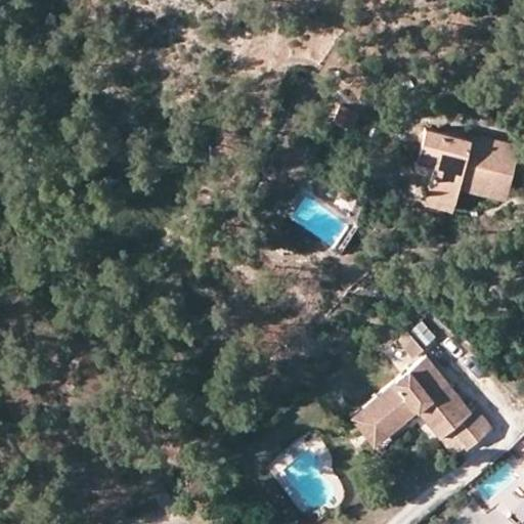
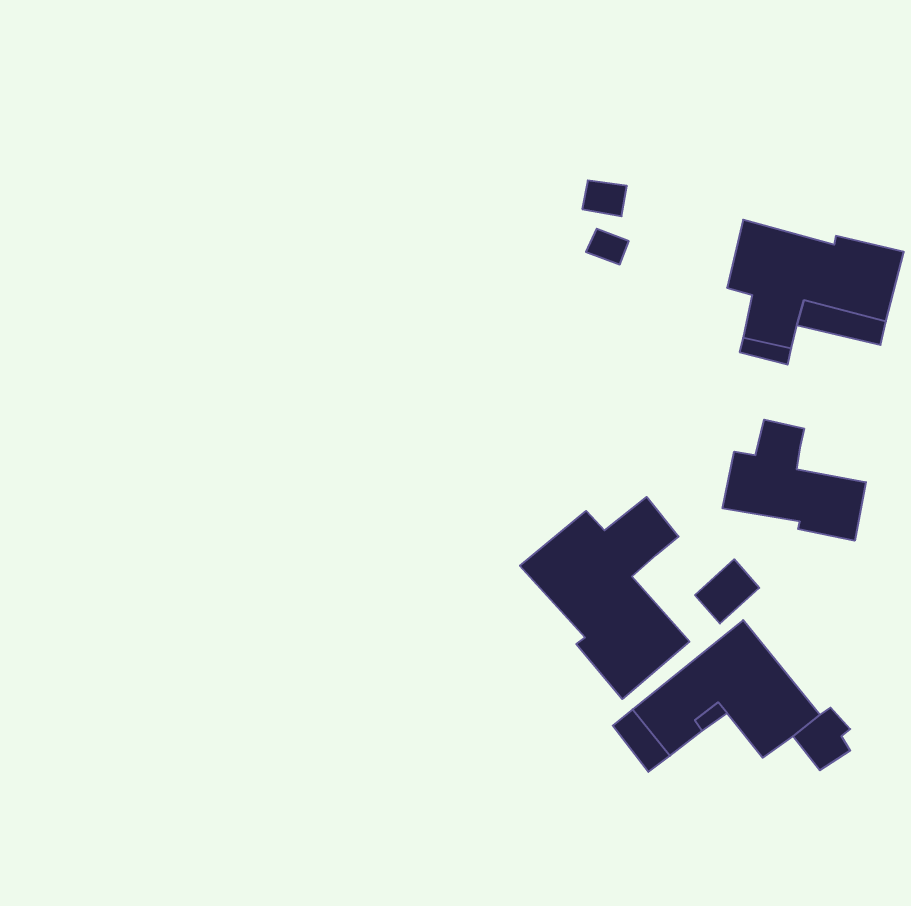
building: none -> [723,420,866,541]
building: none -> [520,497,689,699]

